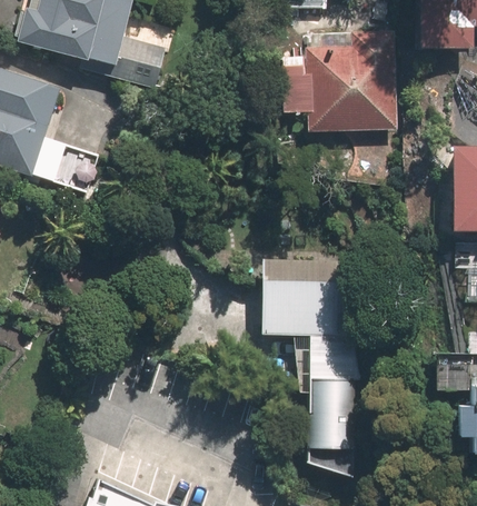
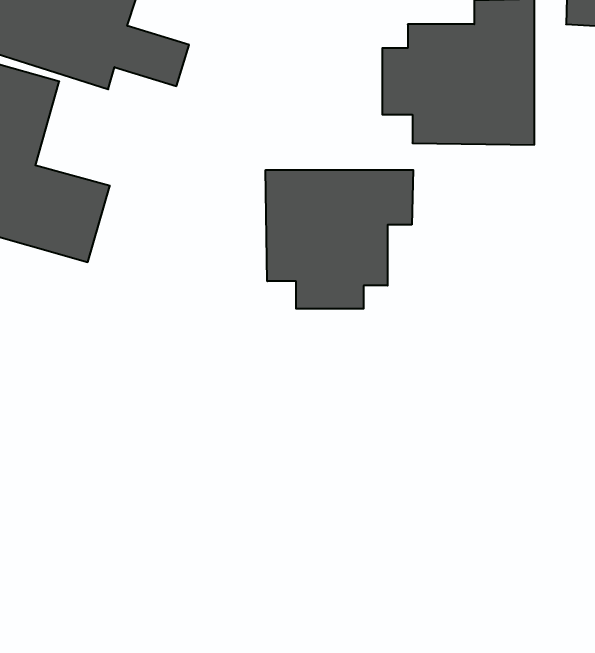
building: none -> [266,170,413,309]
building: [258,257,352,452] -> none

